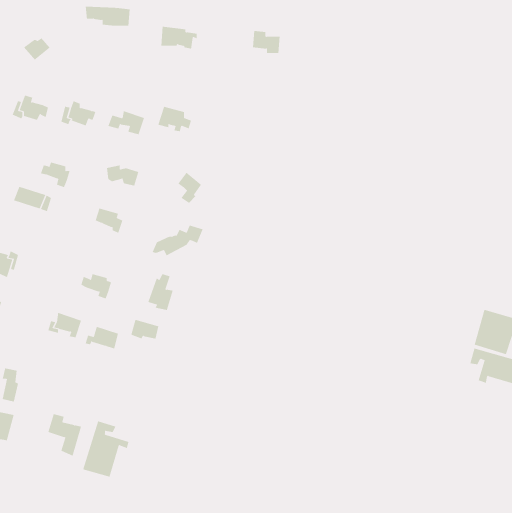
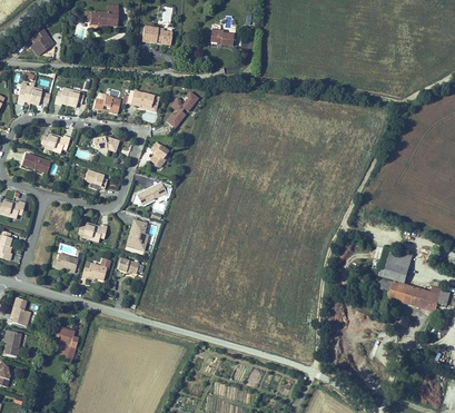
building: none -> [168,90,201,127]
building: [83,420,129,478] -> none

